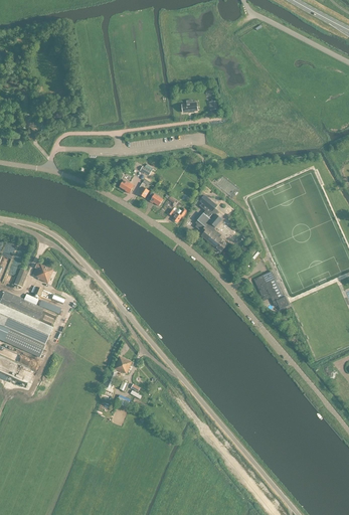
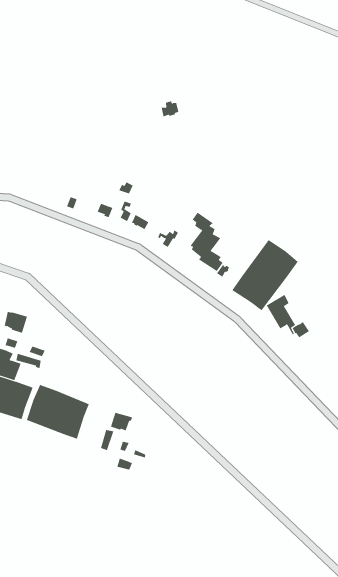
building: none -> [232,239,299,311]
building: none -> [26,384,89,439]

